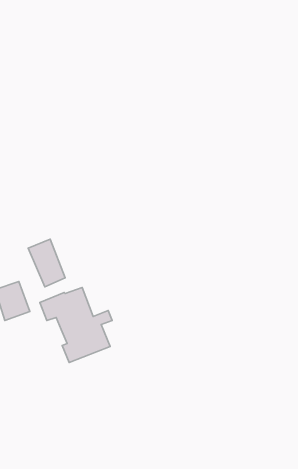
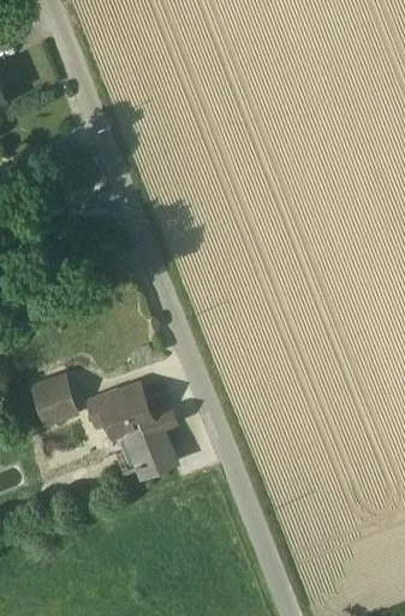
building: [28,239,65,287] -> none

